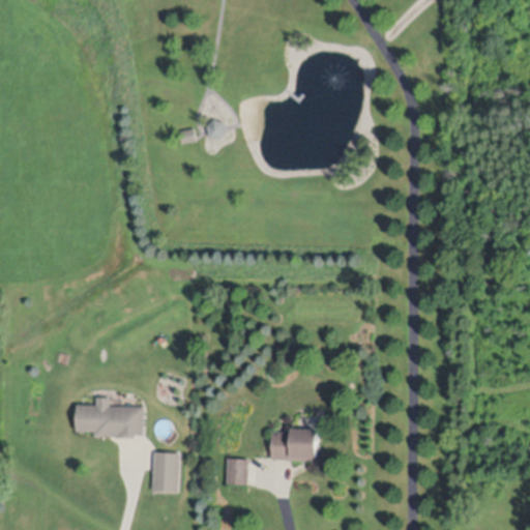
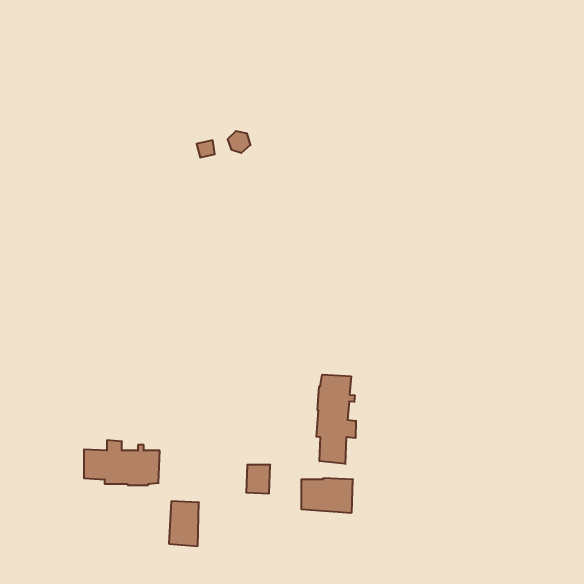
building: none -> [316,375,356,464]
building: [226,459,247,484] -> [246,465,270,494]

